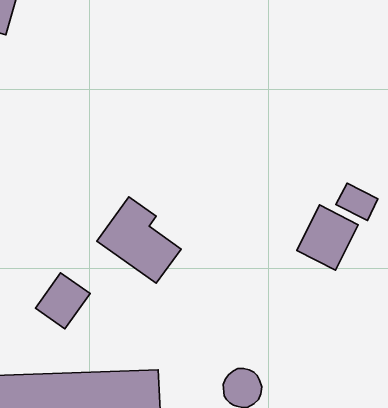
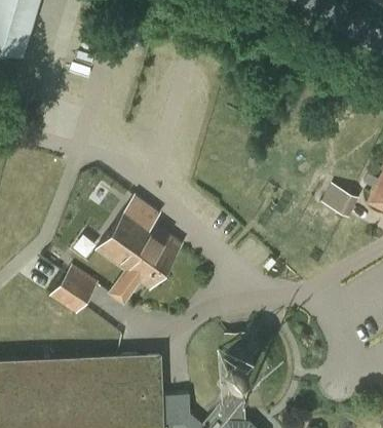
building: [297,205,358,270] -> none
building: none -> [97,239,160,307]

